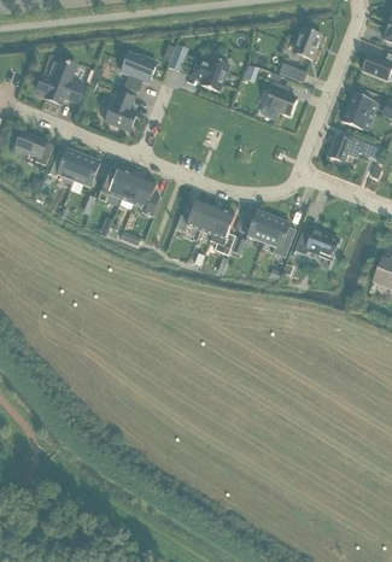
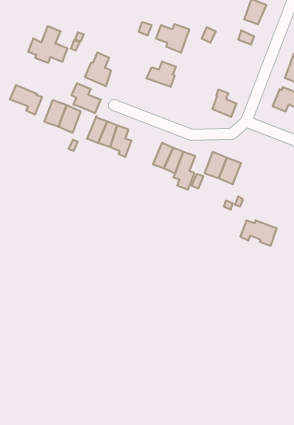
building: [121,53,156,90] -> none
building: [267,80,296,112] -> [212,90,237,117]
building: none -> [146,61,176,87]
building: none -> [72,83,101,113]
building: [294,228,338,258] -> [240,220,277,246]

